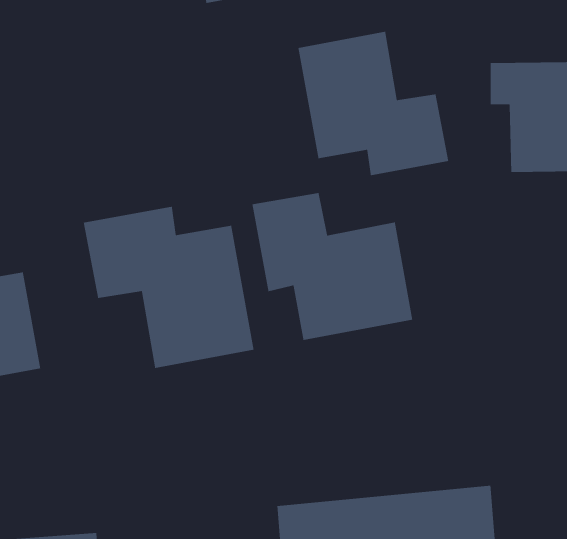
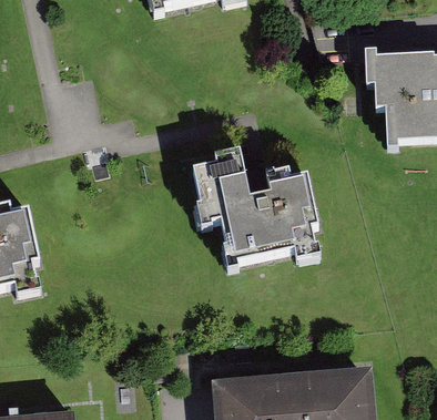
building: [298,31,449,176] -> none
building: [83,206,254,369] -> none

